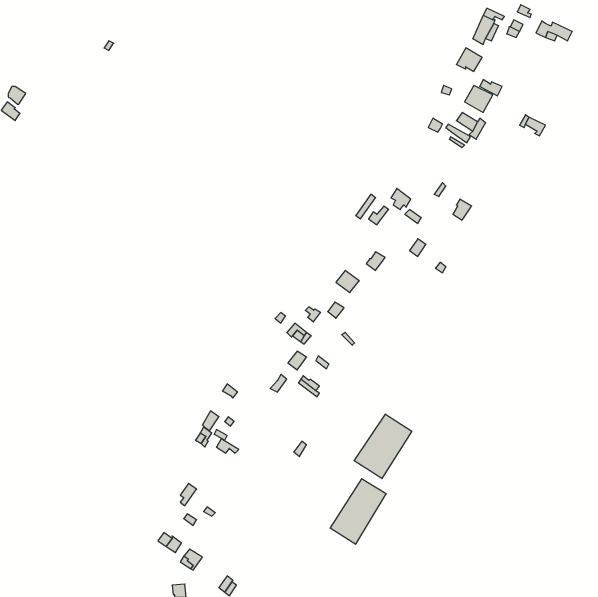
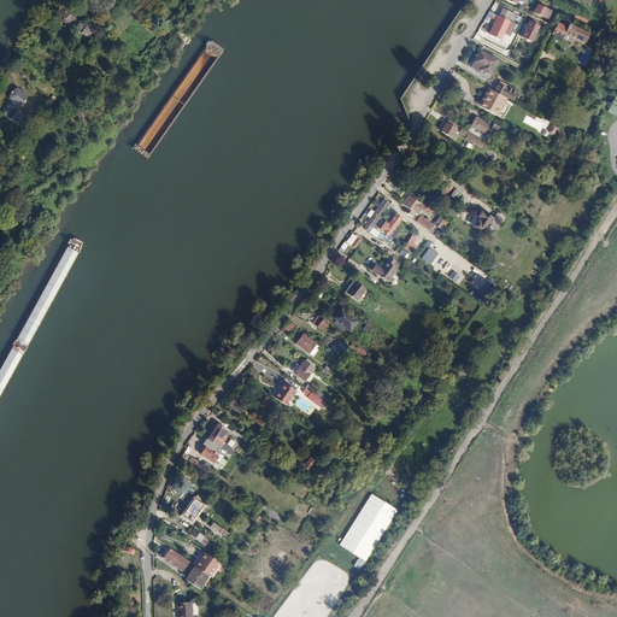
building: [354,414,412,479] -> none

